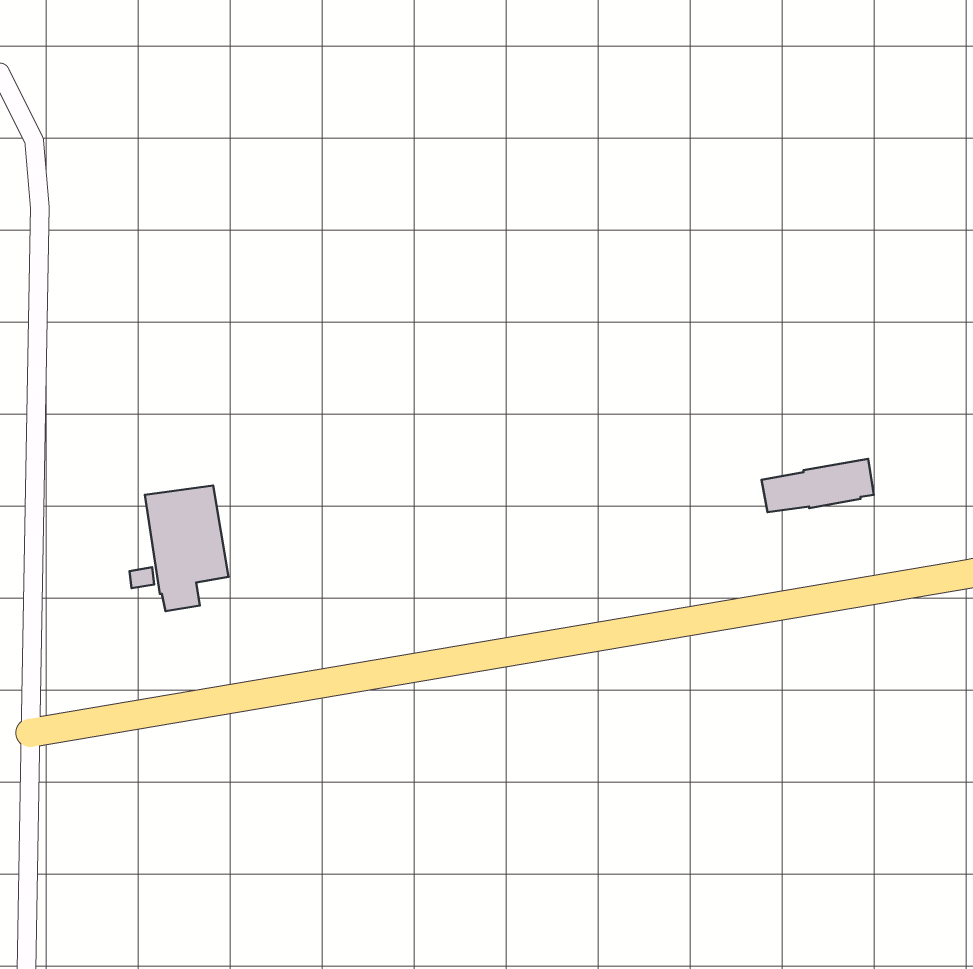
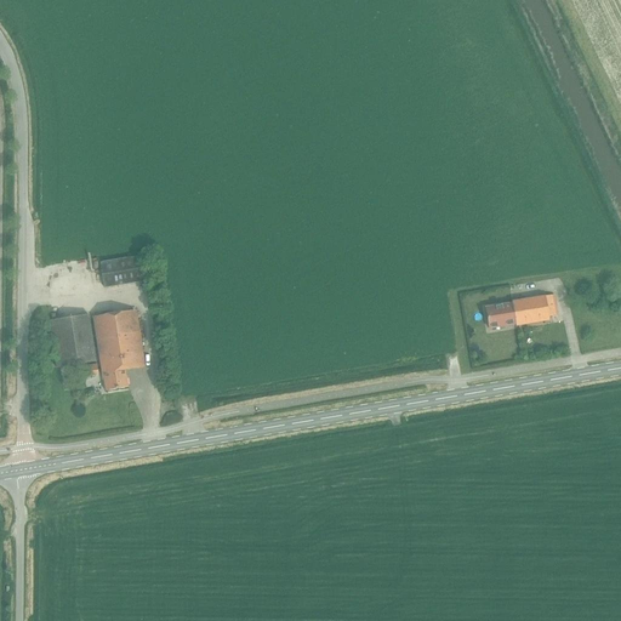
building: none -> [99,255,143,286]
building: none -> [49,313,96,365]

